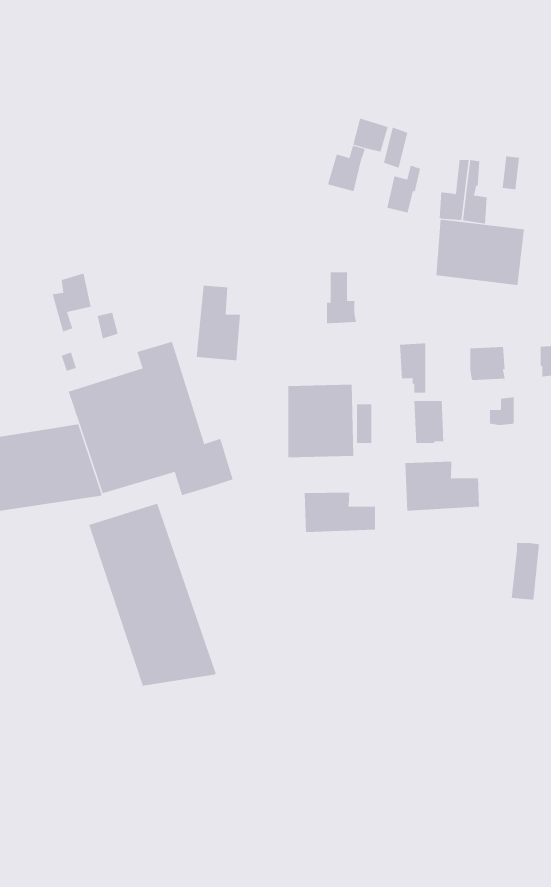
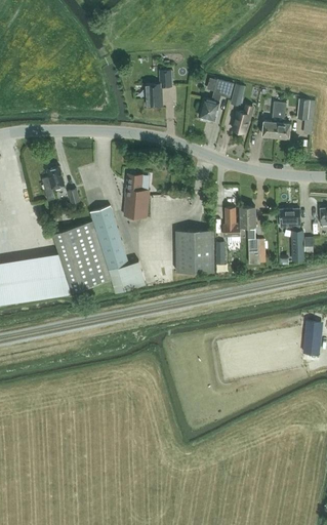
building: none -> [145,71,170,107]
building: [436,219,525,286] -> none
building: [326,272,357,324] -> [222,208,240,238]
building: [405,461,479,511] -> none
building: [304,492,376,533] -> none
building: [89,503,216,687] -> none

